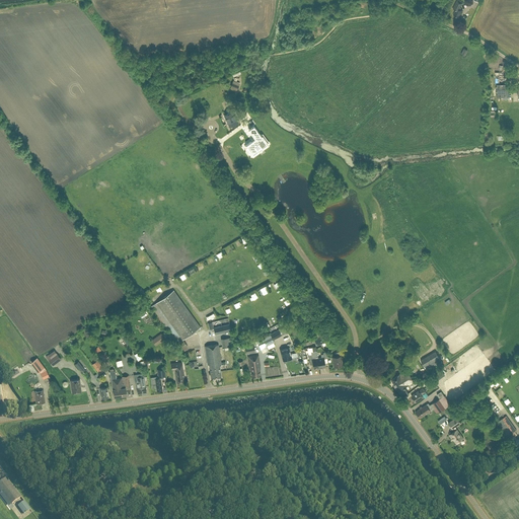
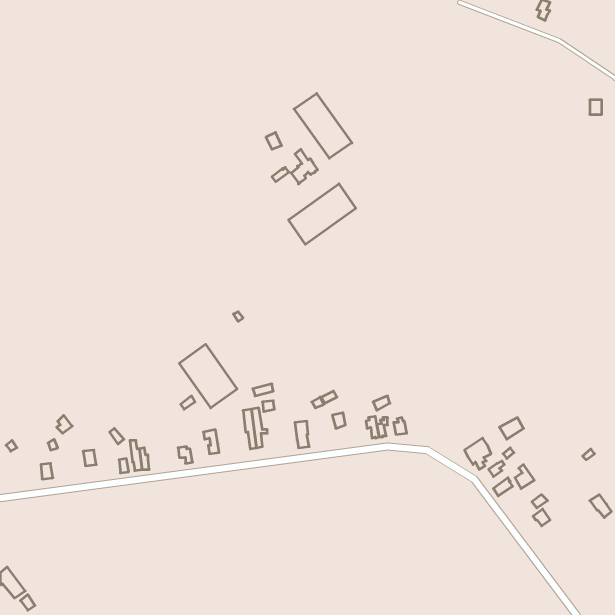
building: none -> [294,93,352,158]
building: none -> [289,184,356,244]

